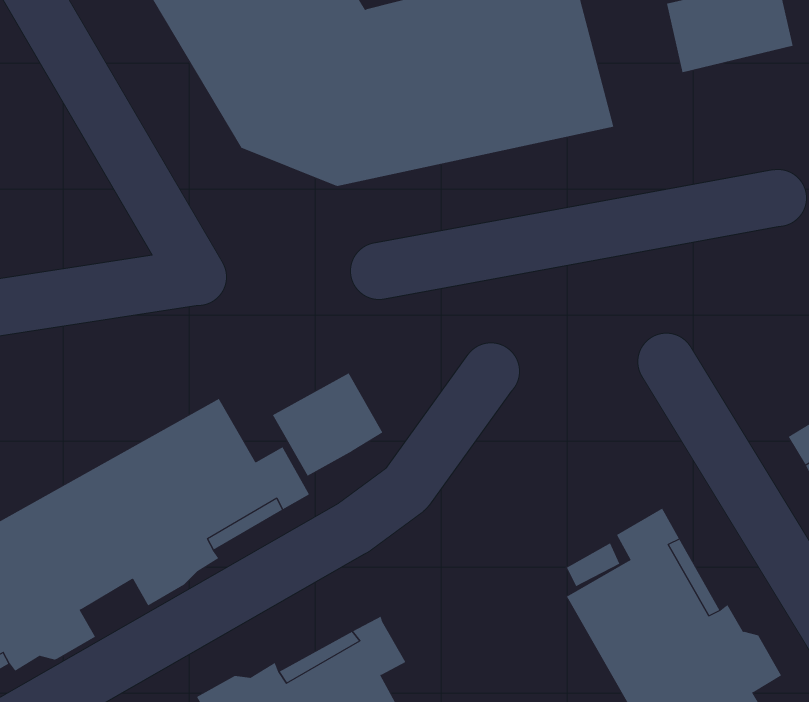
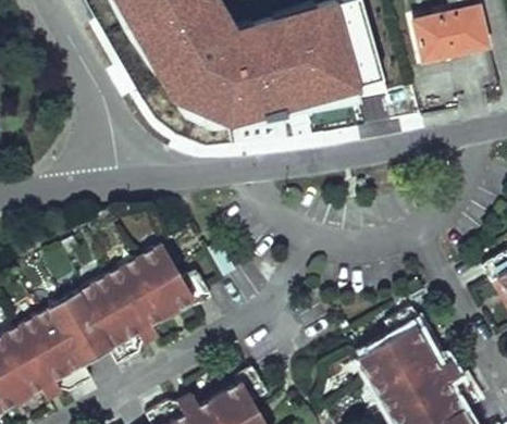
building: [272,373,383,477] -> none

